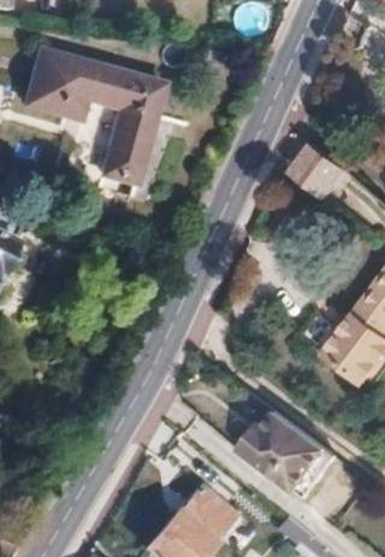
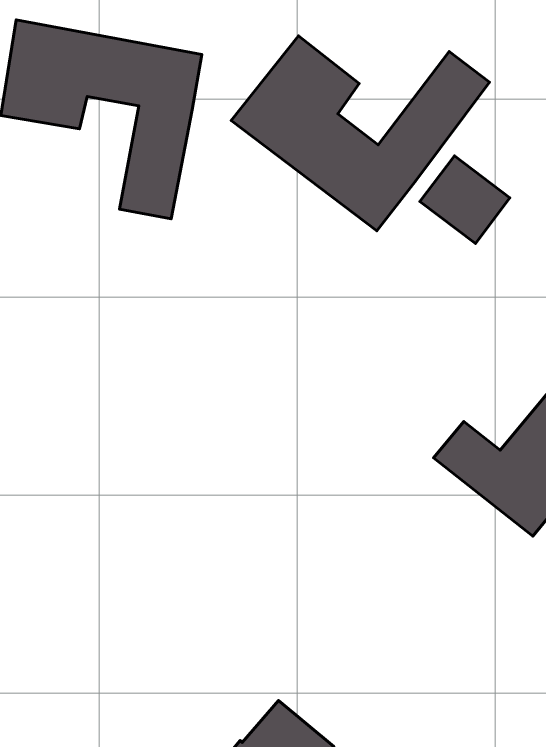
building: none -> [231,36,490,231]
building: [238,411,337,497] -> none

